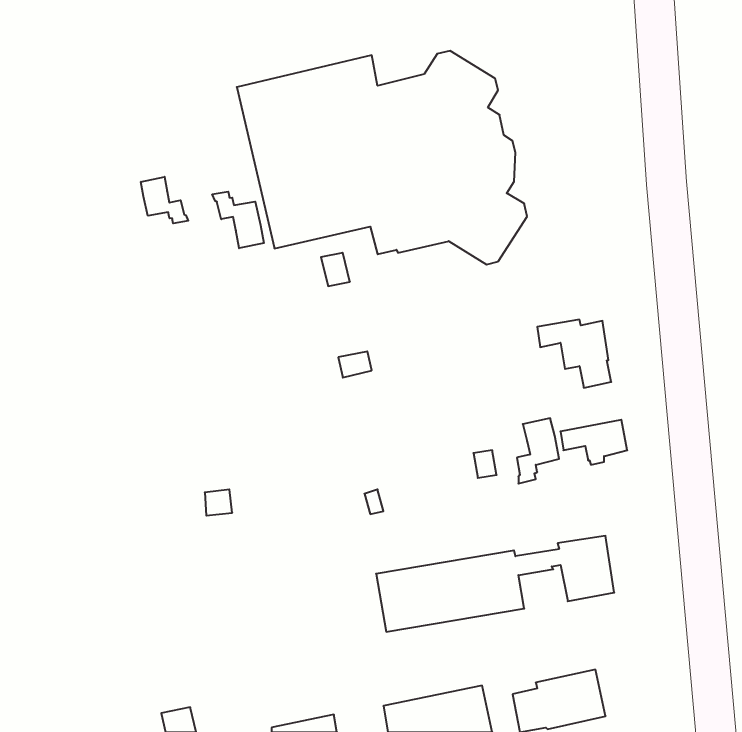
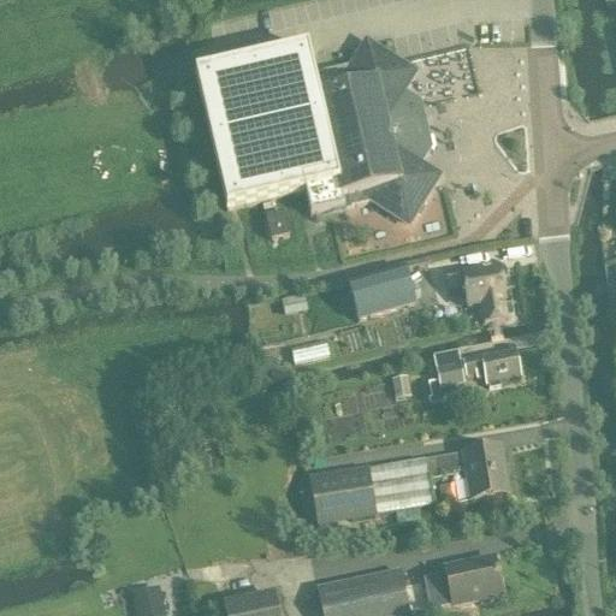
building: [141,177,188,223] -> none
building: [212,192,264,248] -> none
building: none -> [348,263,415,318]

